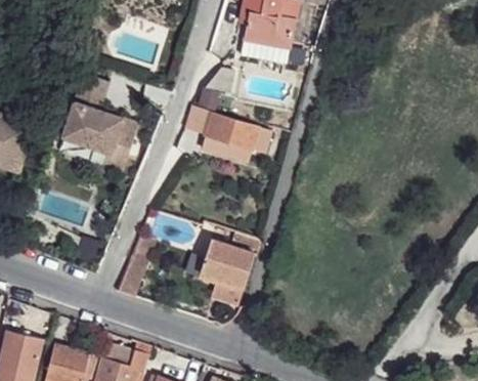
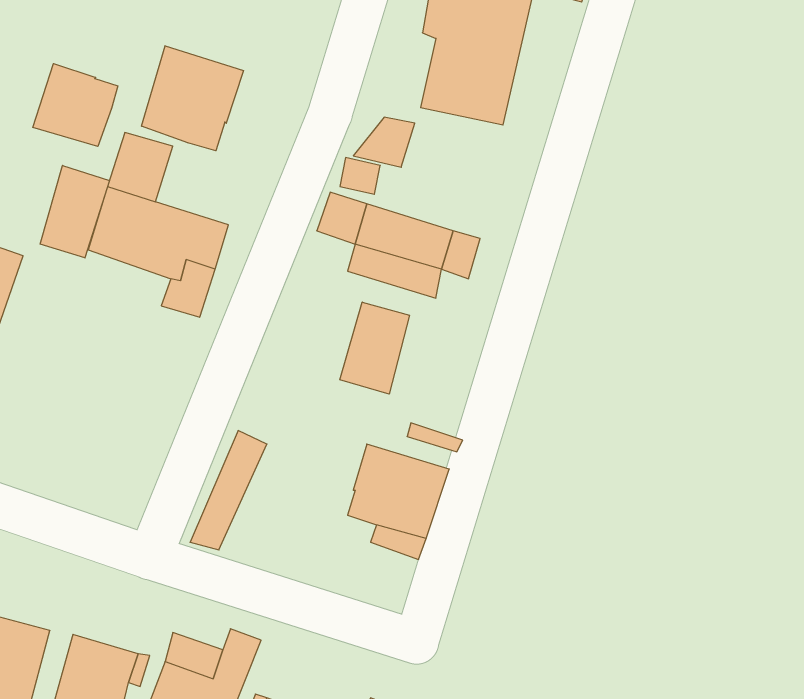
building: none -> [142,46,243,151]
building: none -> [33,64,118,146]
building: none -> [40,165,109,258]
building: none -> [340,302,409,394]

